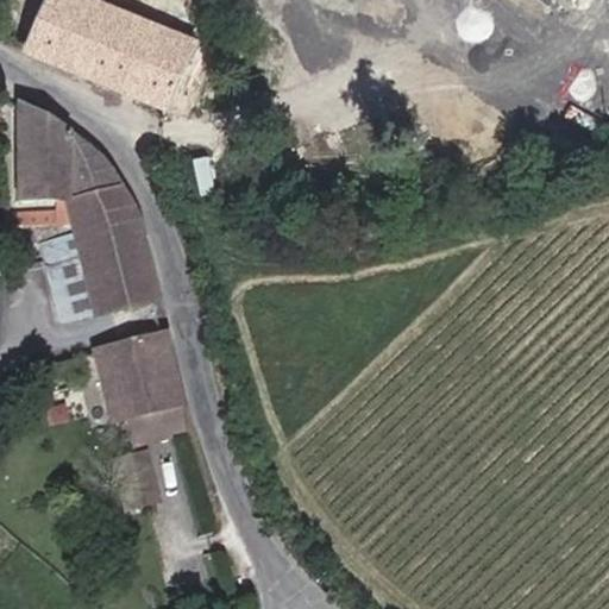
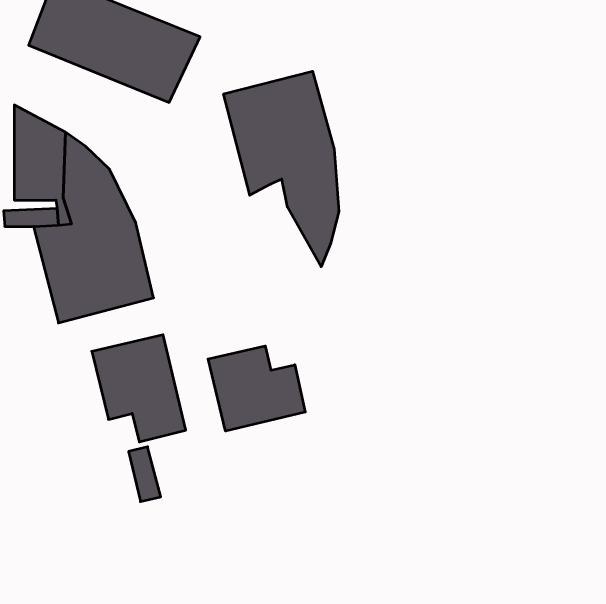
building: none -> [224,71,339,267]
building: none -> [208,346,305,431]

